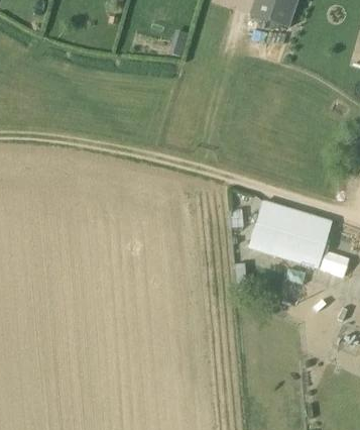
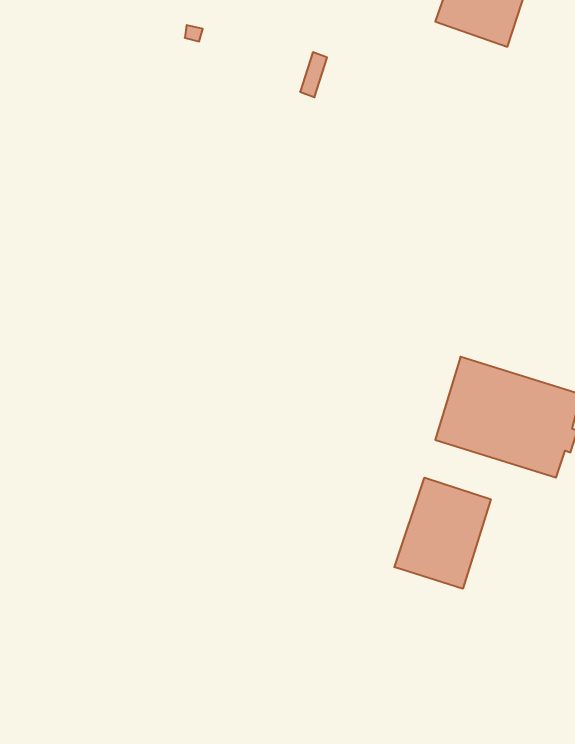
building: none -> [394,478,491,589]

